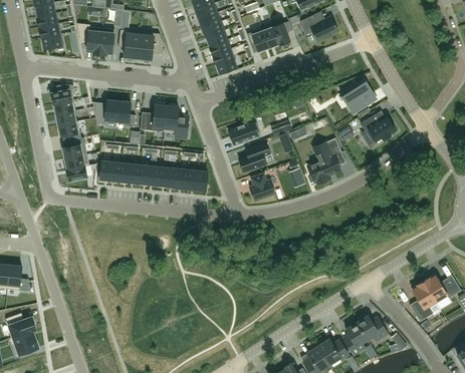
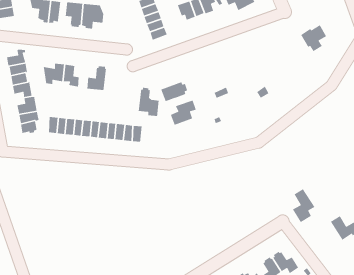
building: [340,80,372,112] -> [300,24,327,52]
building: [164,104,189,138] -> [138,87,160,117]
building: [361,117,395,145] -> none
building: [307,138,341,184] -> none
building: [249,174,275,202] -> none
building: [410,282,437,322] -> [292,188,315,223]

